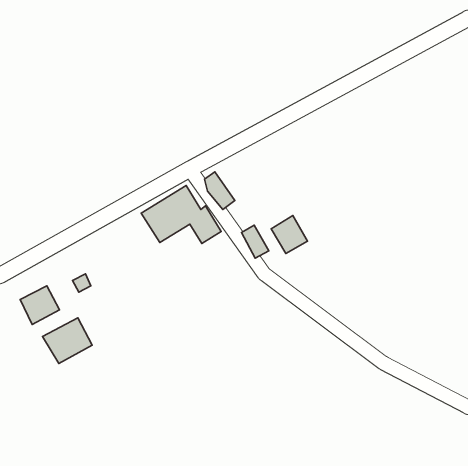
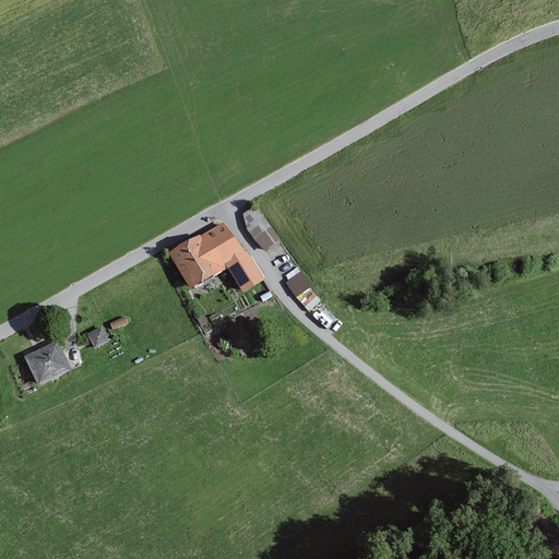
building: [271,215,308,254] -> none
building: [43,318,92,364] -> none

